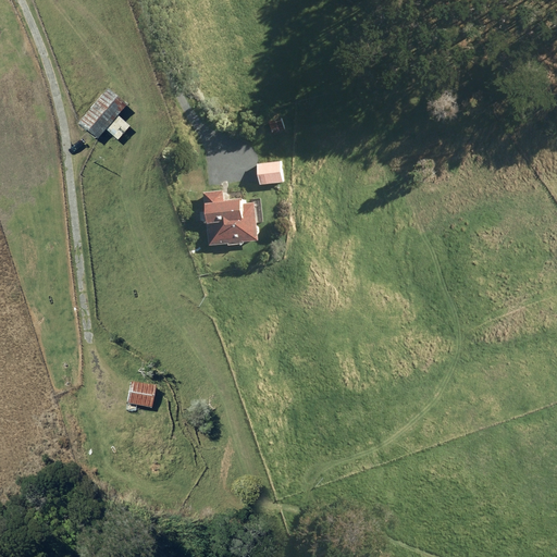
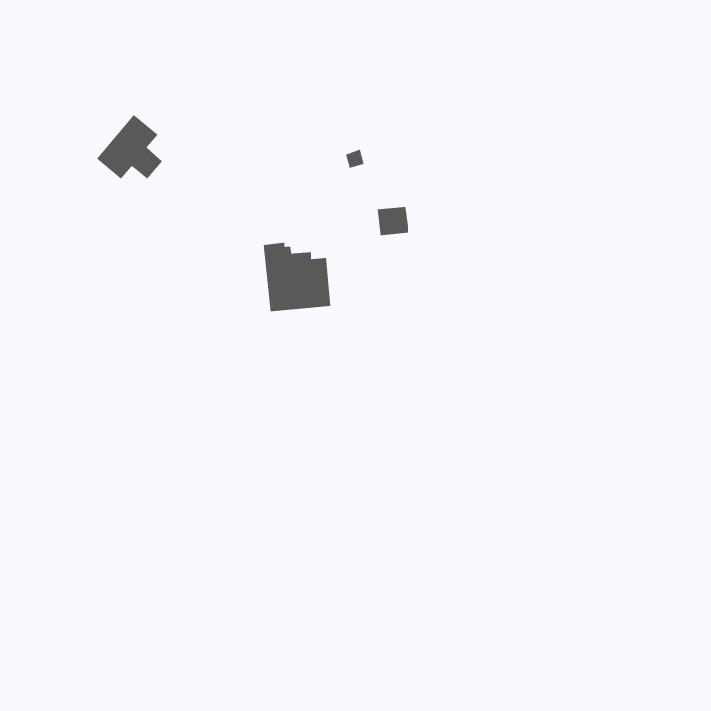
building: [259,161,284,184] -> [377,207,409,236]
building: [125,381,153,408] -> none

